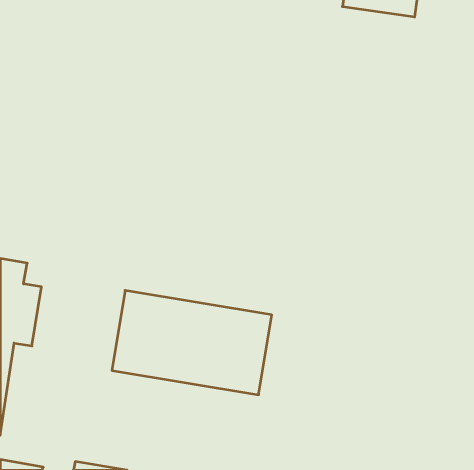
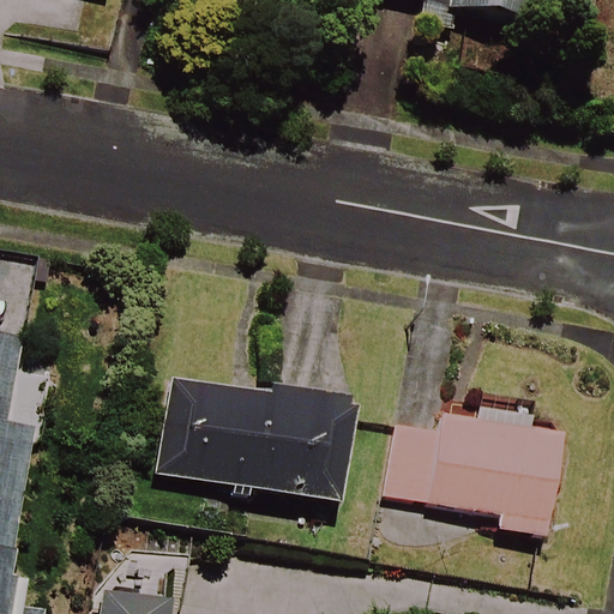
building: none -> [385,408,561,535]

